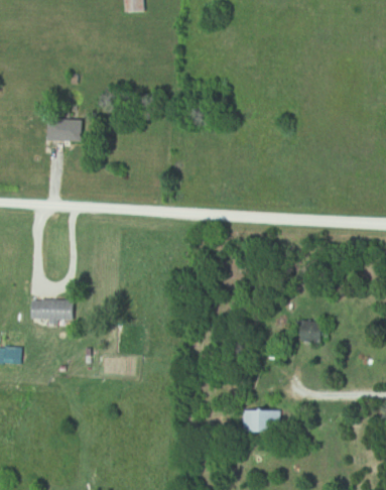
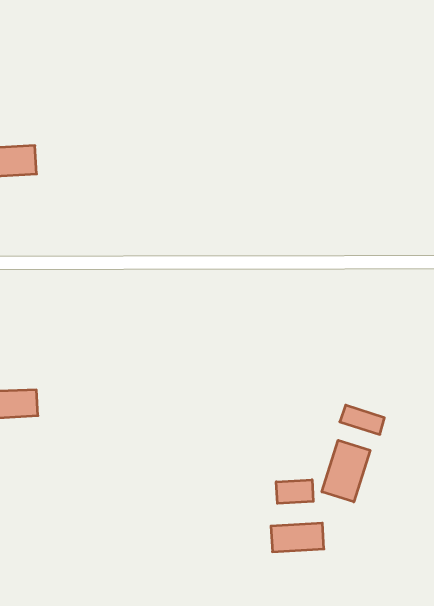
building: none -> [322,440,370,502]
building: none -> [276,480,313,503]

